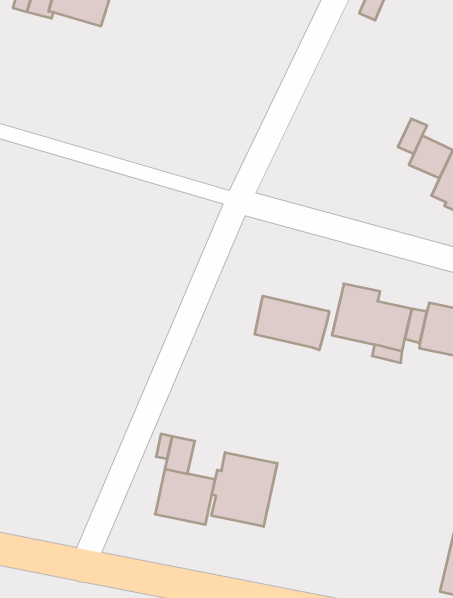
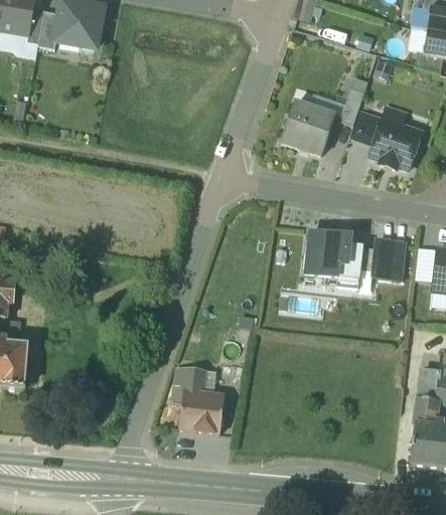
building: none -> [281,102,333,154]
building: [255,296,329,350] -> none
building: [212,452,277,527] -> none

